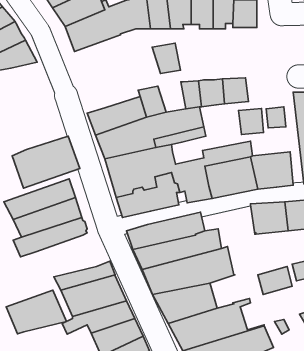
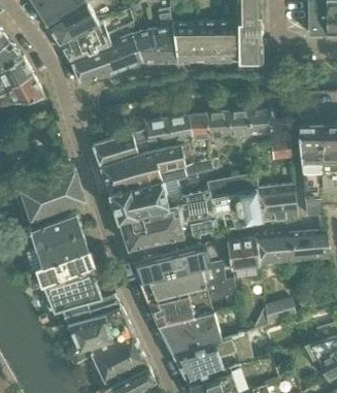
building: [152,43,180,73] -> [163,116,191,145]
building: [239,108,264,134] -> [249,109,274,135]
building: none -> [226,237,259,269]
building: [6,290,66,334] -> [42,267,102,310]

